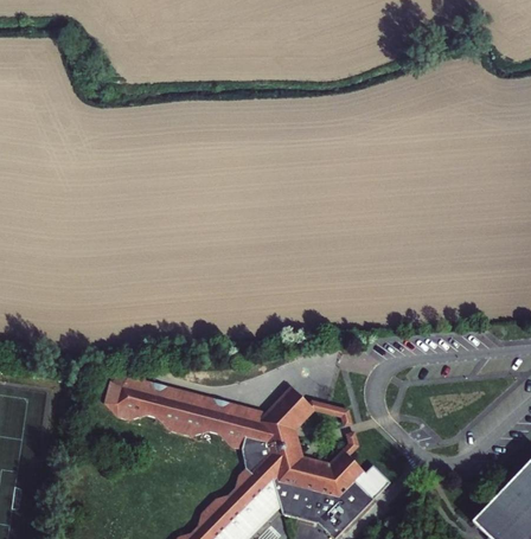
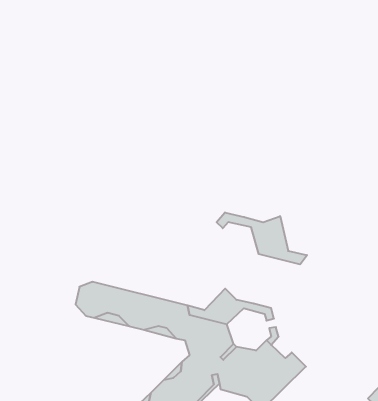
building: none -> [217,212,307,264]

